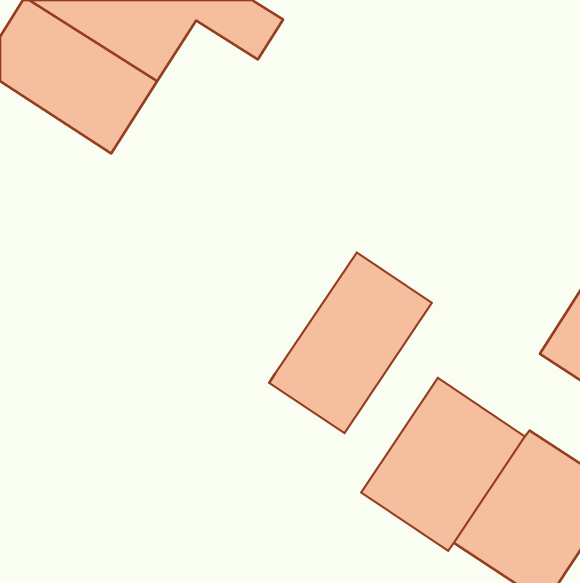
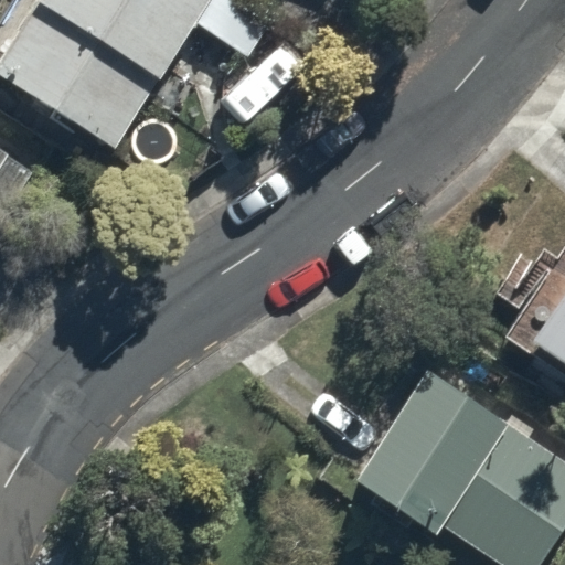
building: [269,252,432,433] -> none

